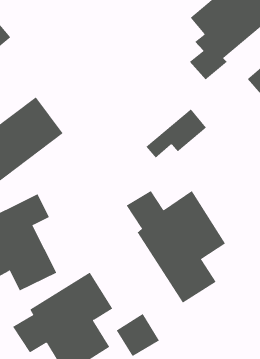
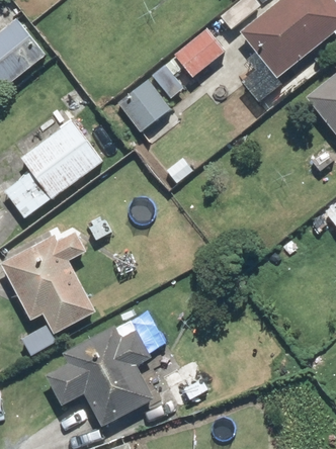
building: none -> [116,78,174,134]
building: [145,108,207,159] -> [156,28,224,84]
building: [126,190,226,304] -> none

